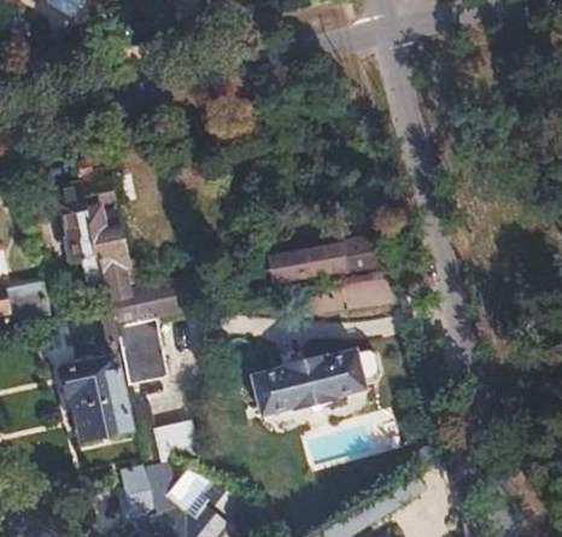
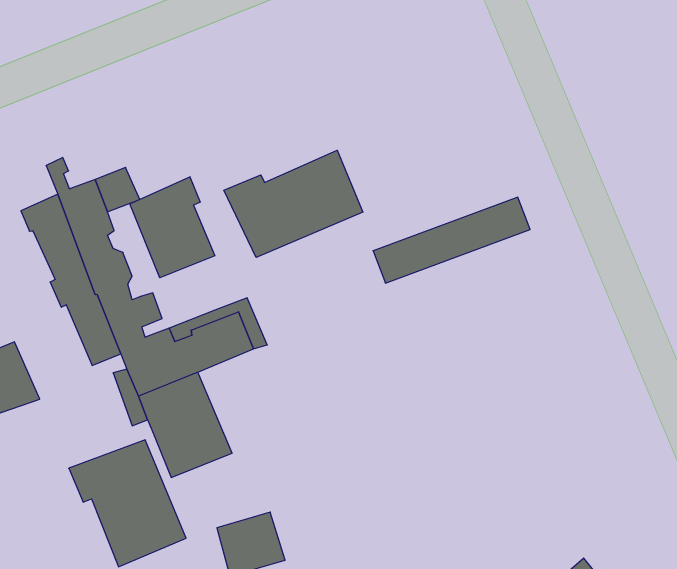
building: none -> [224,150,363,257]
building: none -> [130,177,215,278]
building: [244,350,380,416] -> none

